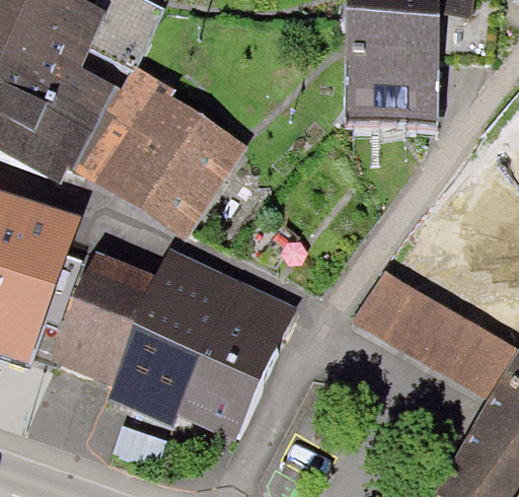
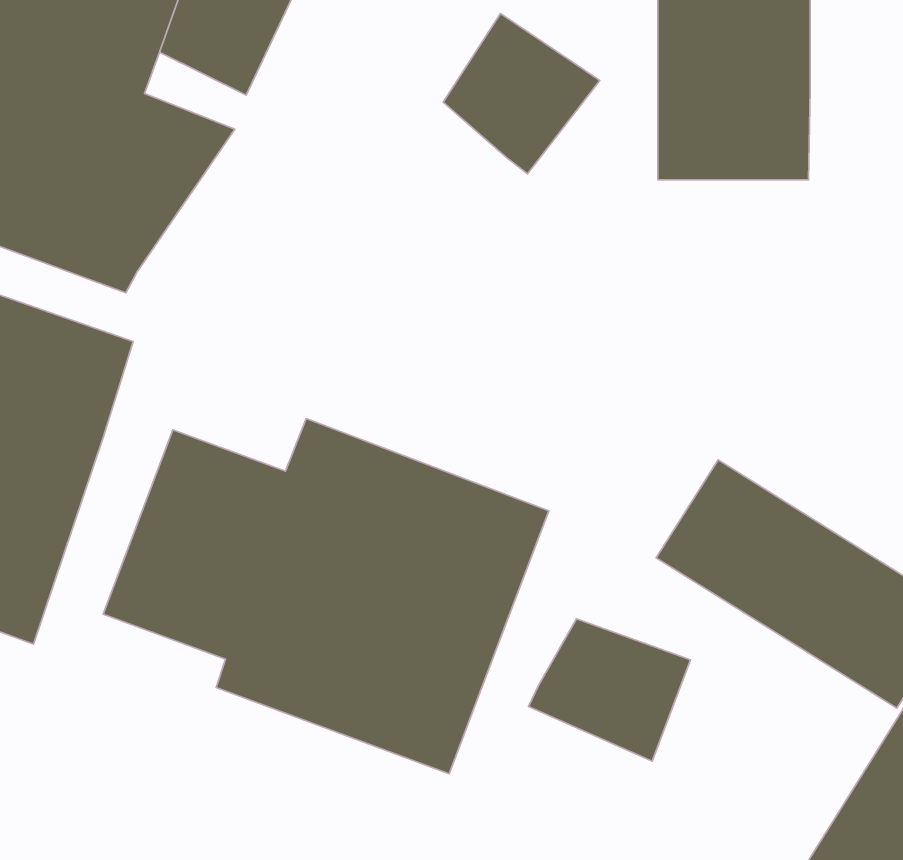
building: none -> [443,14,600,174]
building: [75,77,246,242] -> none
building: none -> [528,619,690,761]

